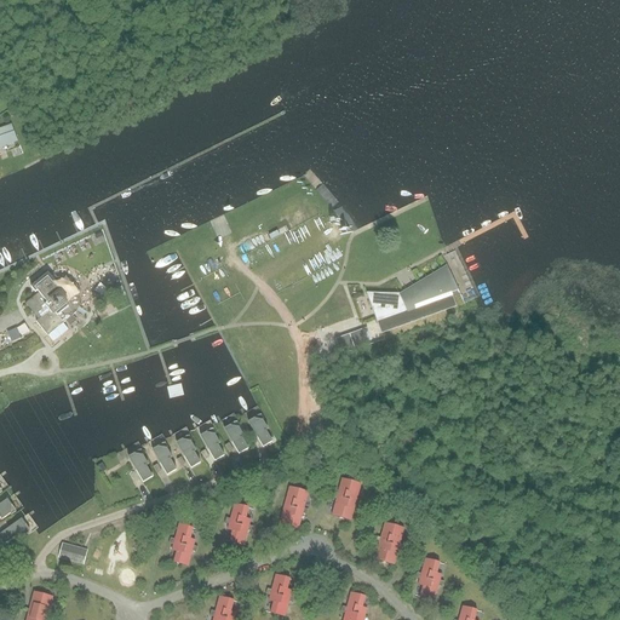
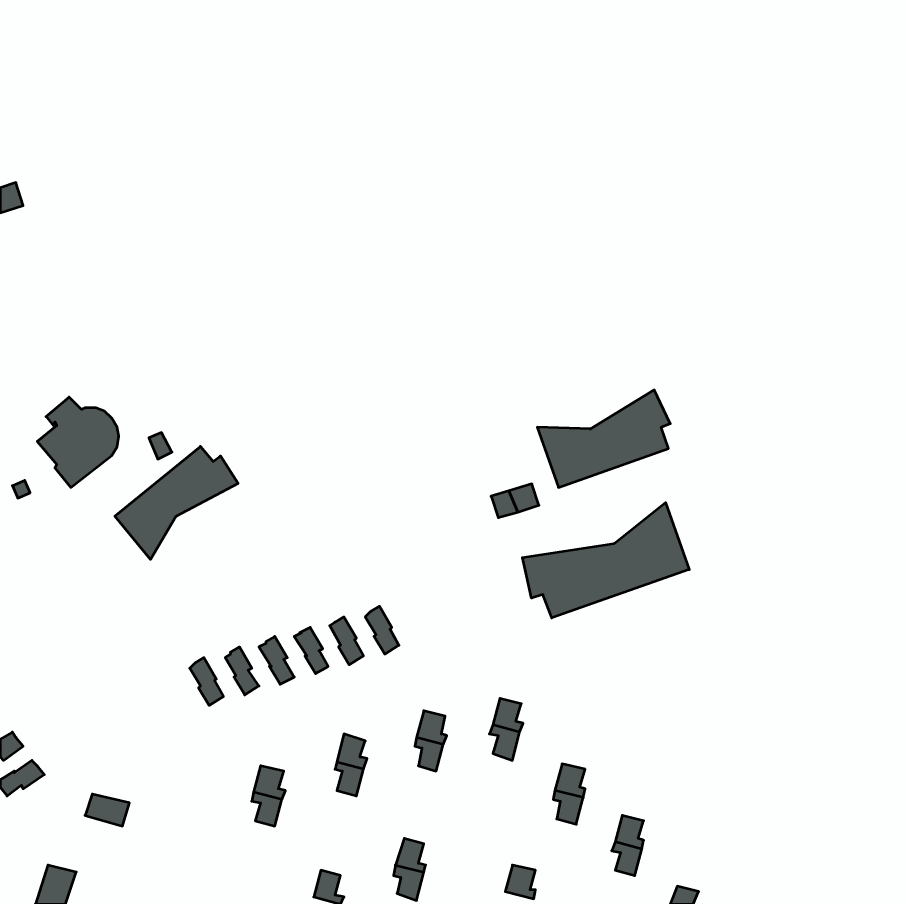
building: none -> [115,446,238,559]
building: none -> [522,503,689,618]

